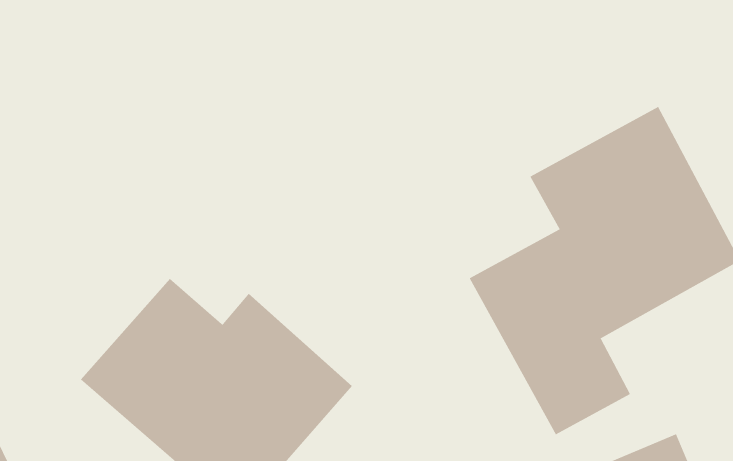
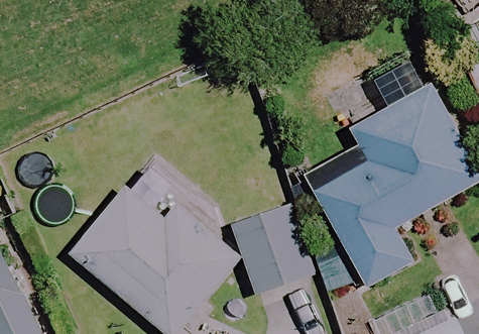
building: none -> [232,205,312,293]

